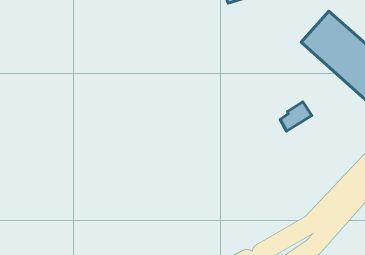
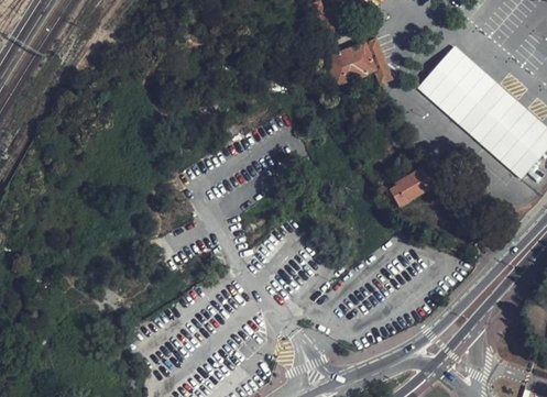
building: none -> [320,38,390,87]

